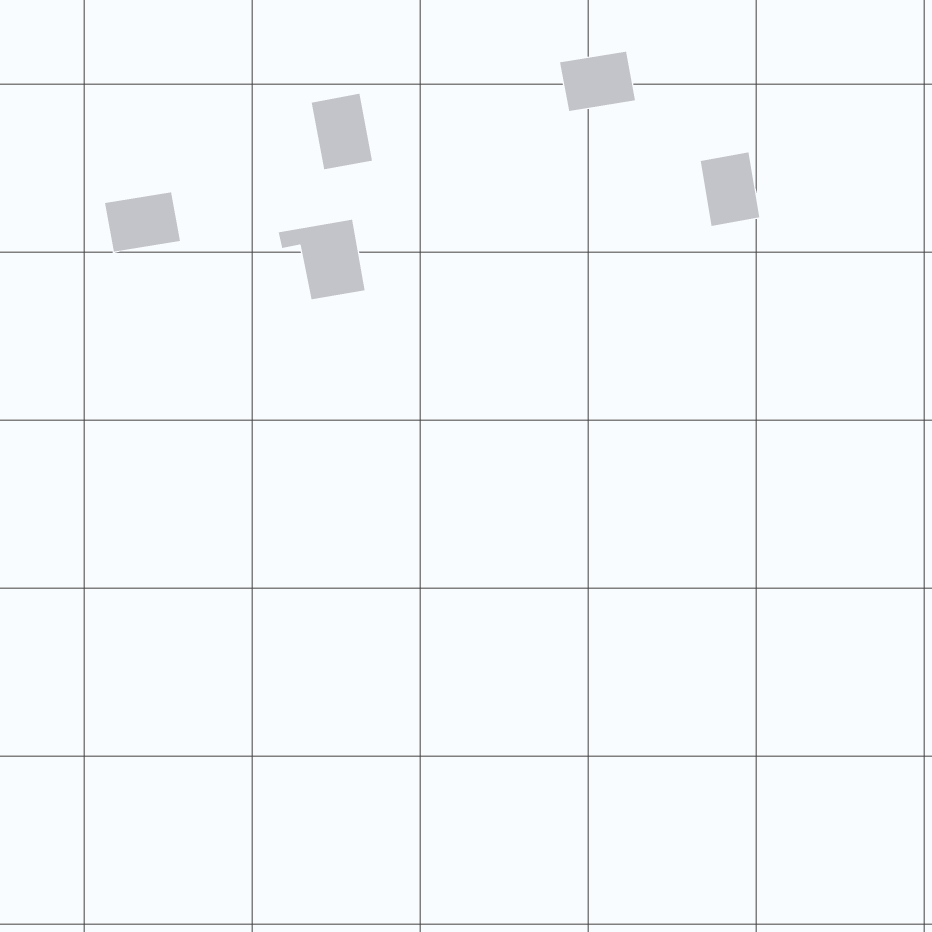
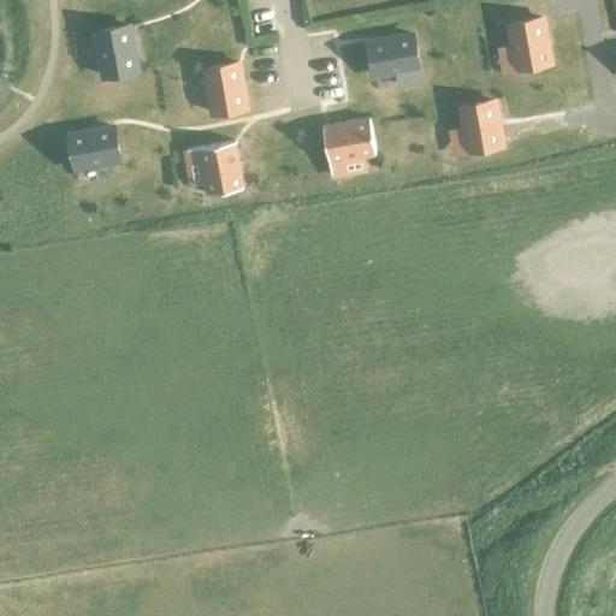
building: none -> [509,22,550,72]
building: none -> [95,26,136,76]
building: none -> [320,125,373,183]

